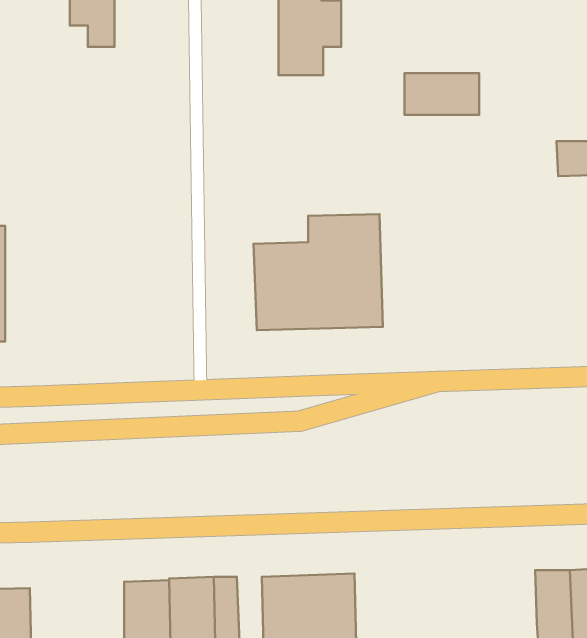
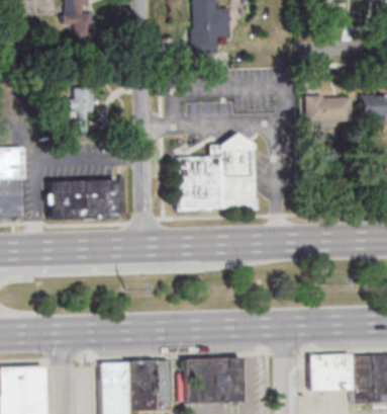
building: [404,73,479,115] -> [305,96,351,121]
building: none -> [72,87,95,131]
building: none -> [47,179,116,220]
building: none -> [305,355,349,392]

